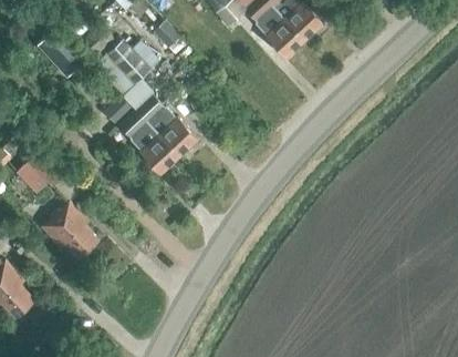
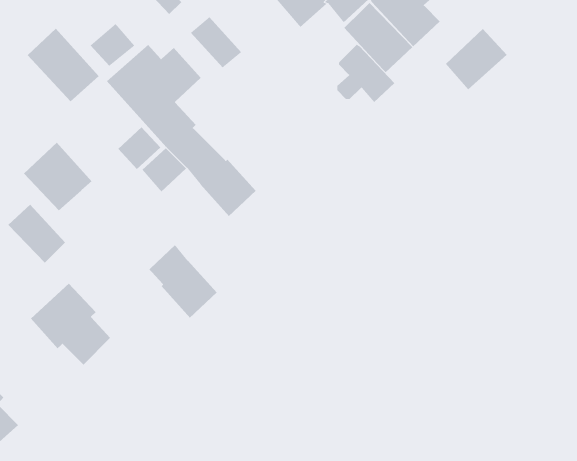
building: none -> [445,28,507,90]
building: none -> [337,44,395,103]
building: none -> [23,142,92,211]
building: [129,123,177,174] -> [148,244,217,318]

